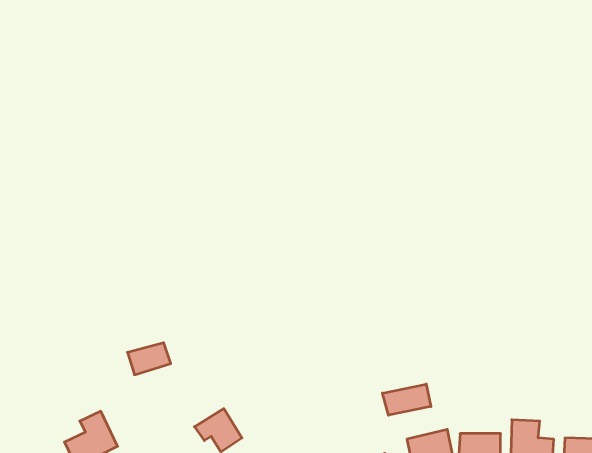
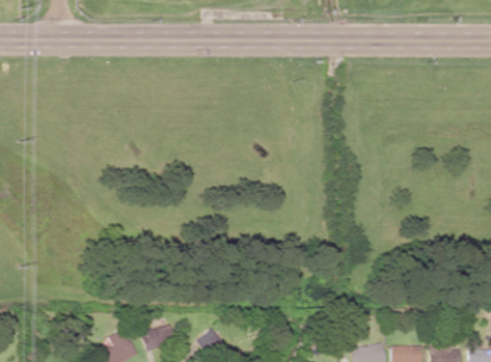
building: [127,343,171,375] -> [142,327,174,351]
building: [382,384,431,415] -> none

